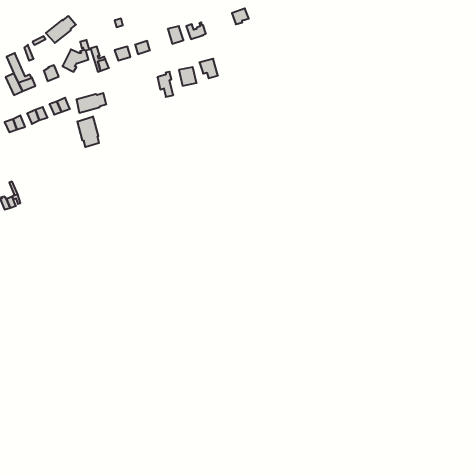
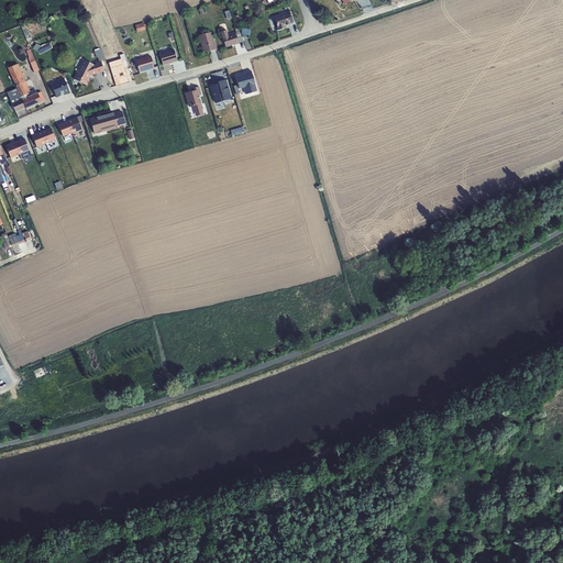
building: [46,16,76,43] -> none
building: [77,116,99,147] -> none

